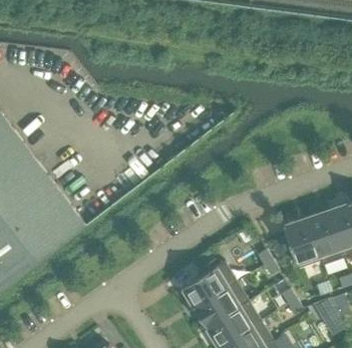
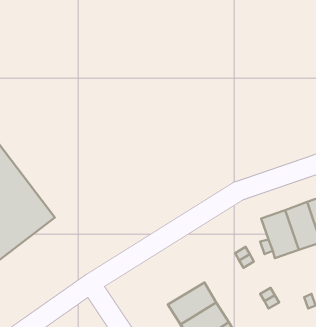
building: [183,267,230,309] -> none

